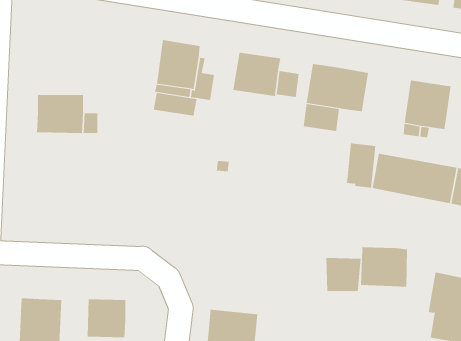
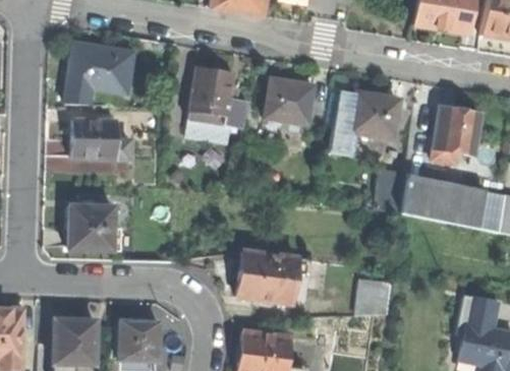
building: none -> [68,44,132,91]
building: none -> [70,207,123,251]
building: none -> [238,251,309,303]
building: [361,247,408,287] -> none

